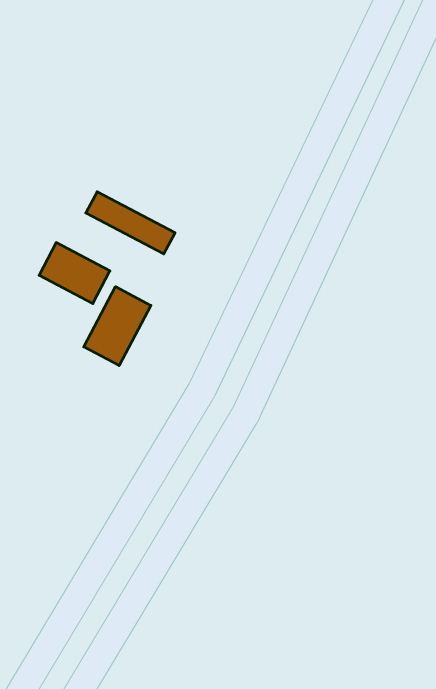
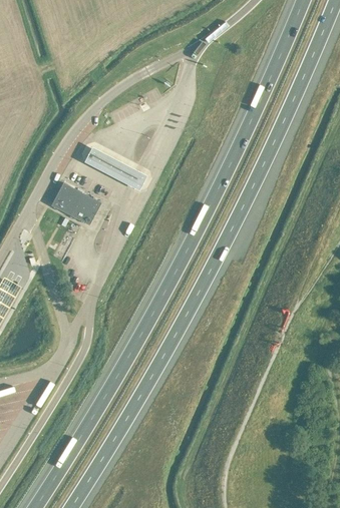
building: [84,287,151,366] -> none

